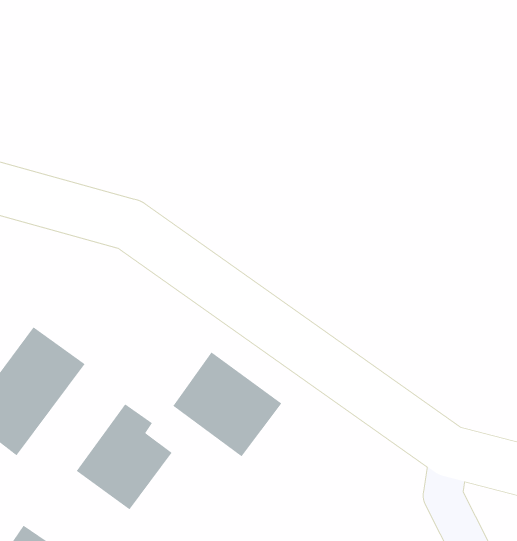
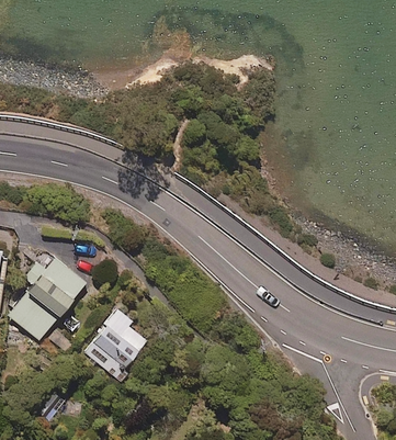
building: [172,352,282,457] -> none

